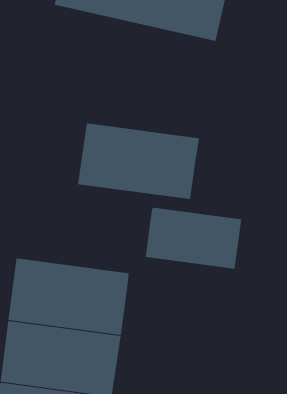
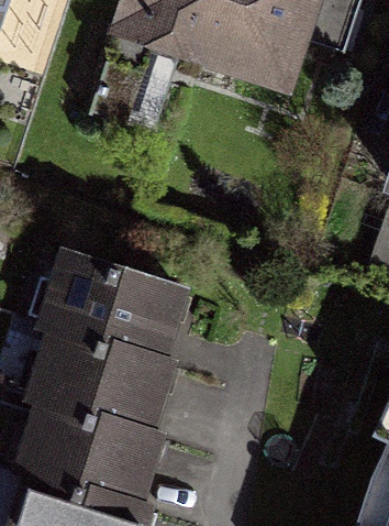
building: [77,123,200,200] -> [44,260,192,360]
building: [145,207,242,270] -> none

